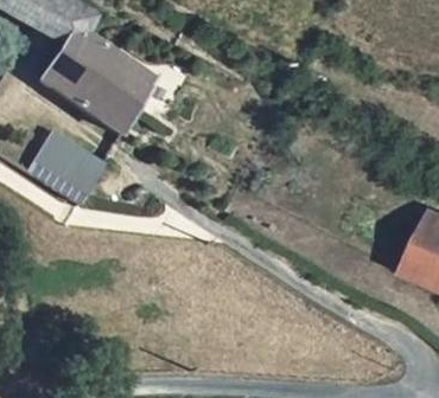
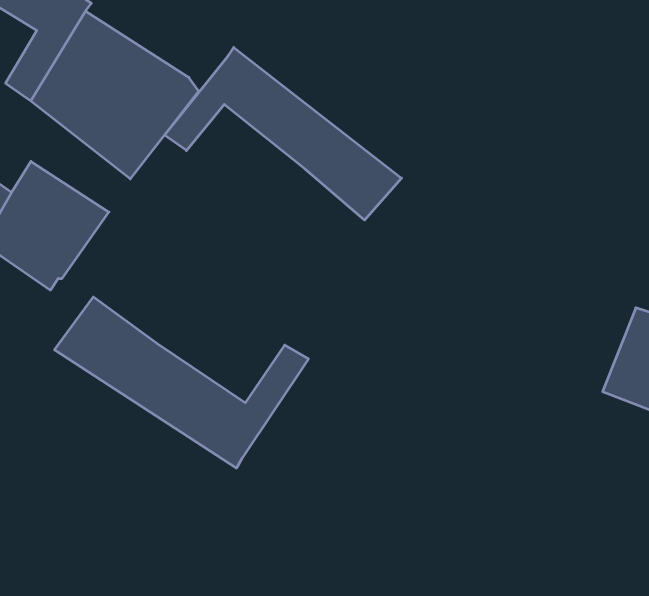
building: none -> [165,47,402,220]
building: none -> [55,297,308,468]

